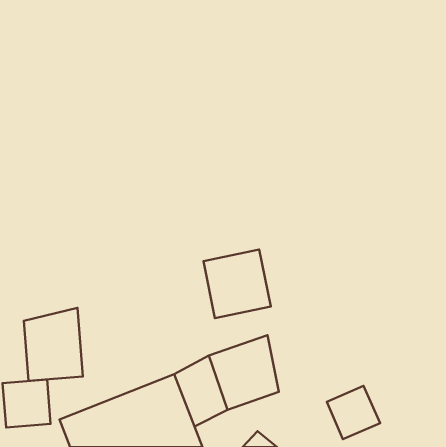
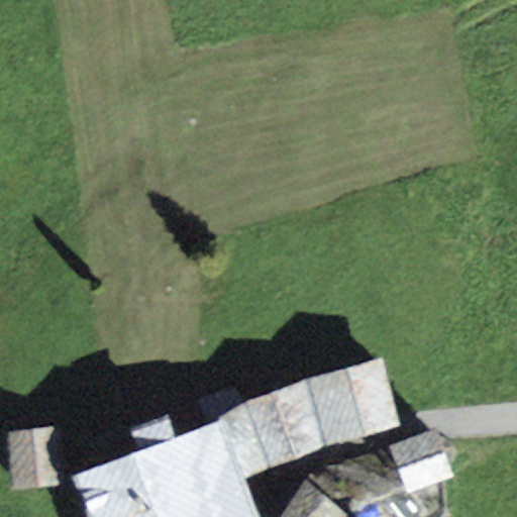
building: [203,250,271,318] -> [313,368,390,445]
building: [24,308,83,381] -> none

